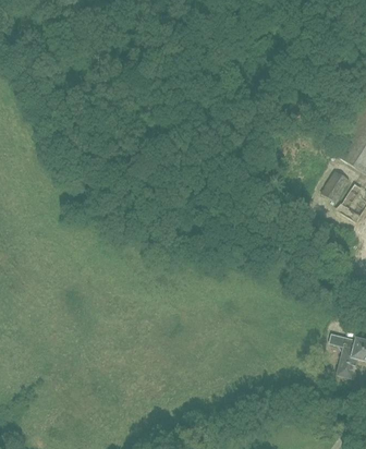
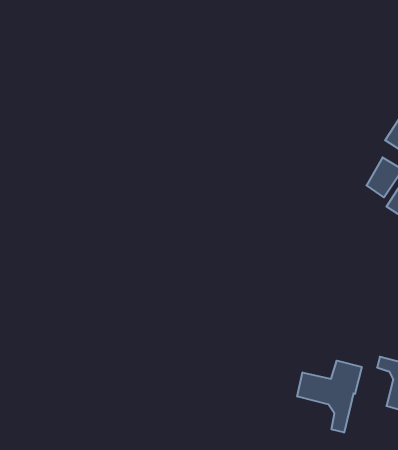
building: none -> [297,361,362,433]

